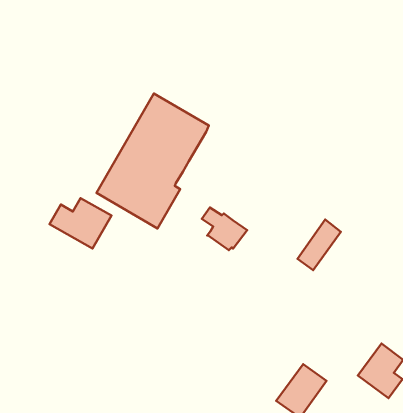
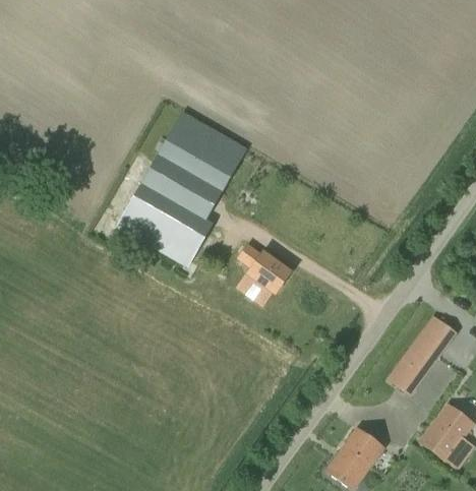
building: [50,198,112,248] -> none
building: [297,220,341,270] -> [395,325,445,384]

